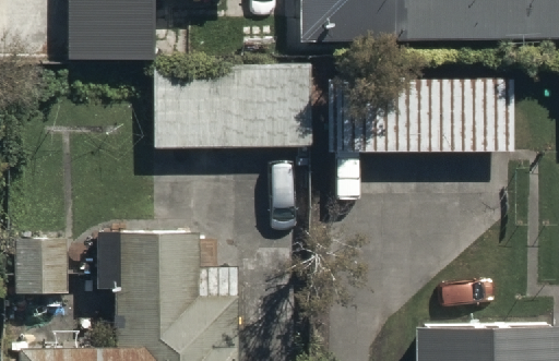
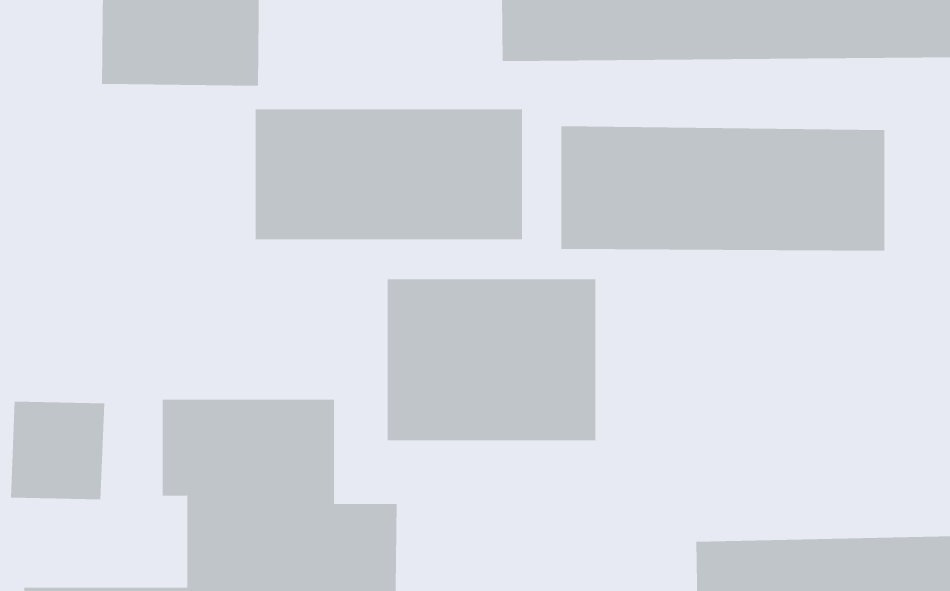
building: none -> [387,278,596,441]

